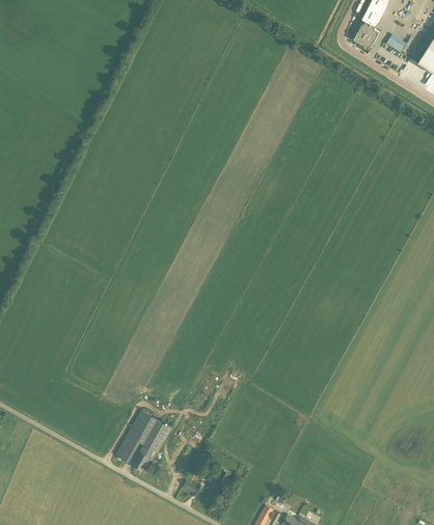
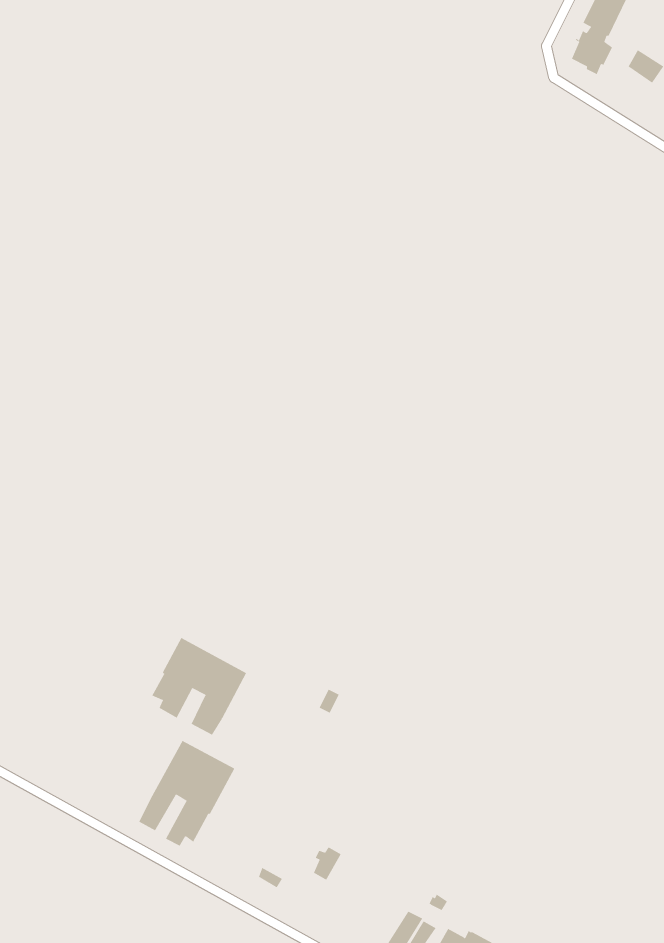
building: none -> [152,637,247,736]

